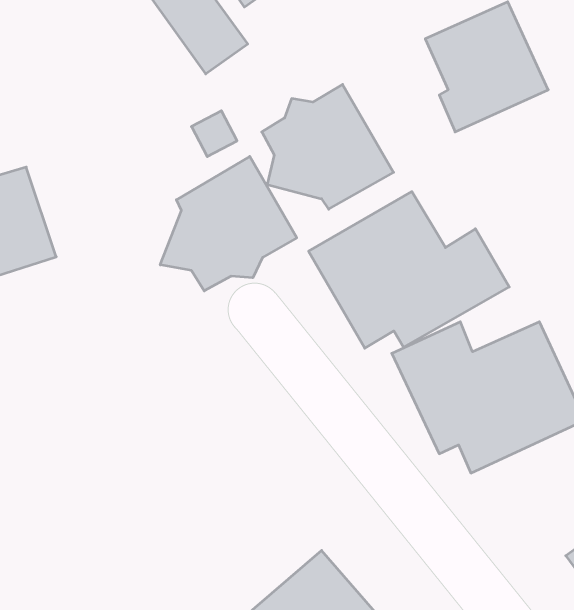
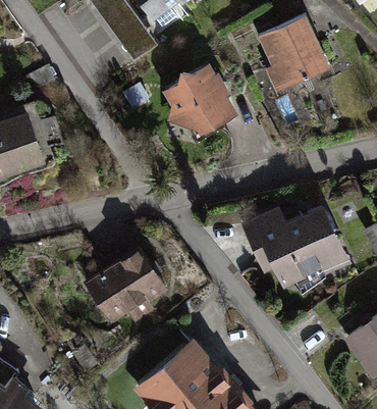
building: [160,156,297,291] -> none
building: [309,192,509,348] -> none
building: none -> [87,242,171,319]

